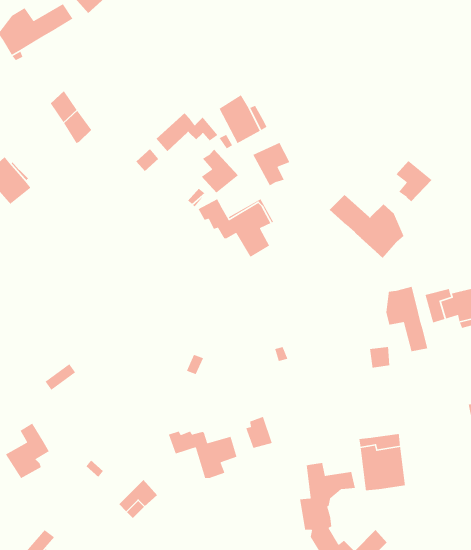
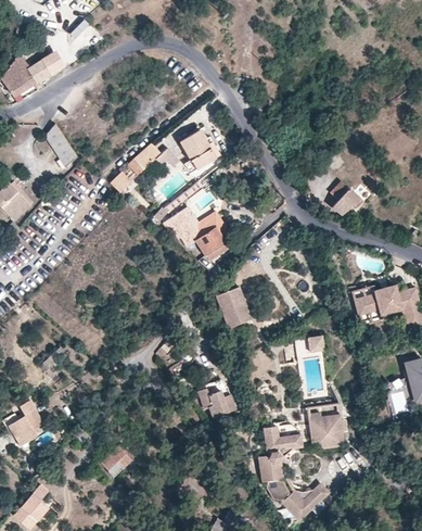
building: [252,142,291,187] -> none
building: [201,149,239,193] -> none
building: [329,194,405,259] -> none
building: [385,286,428,352] -> none
building: none -> [215,286,253,328]
building: [168,430,238,479] -> none

